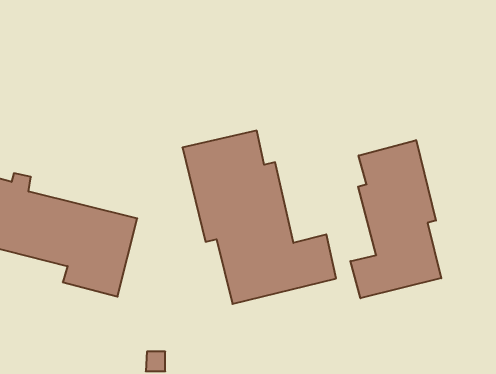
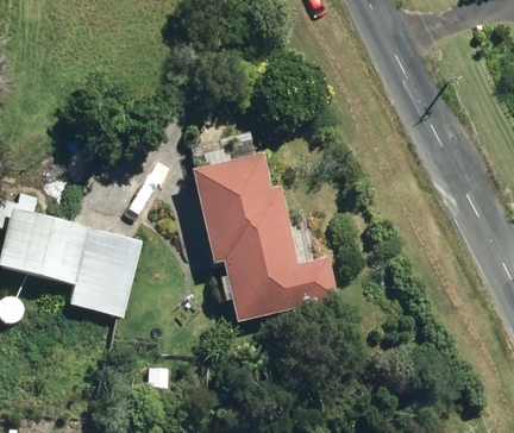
building: [350,140,441,298] -> none

